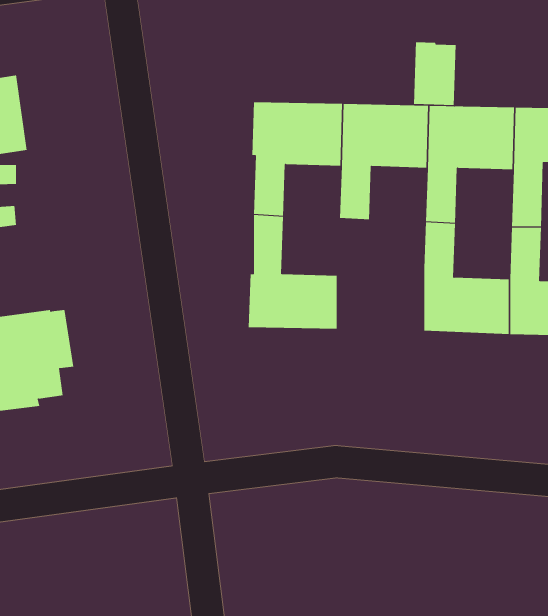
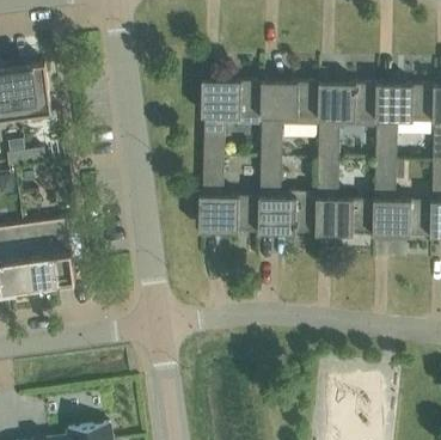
building: [414,41,456,106] -> none
building: none -> [258,159,316,234]

